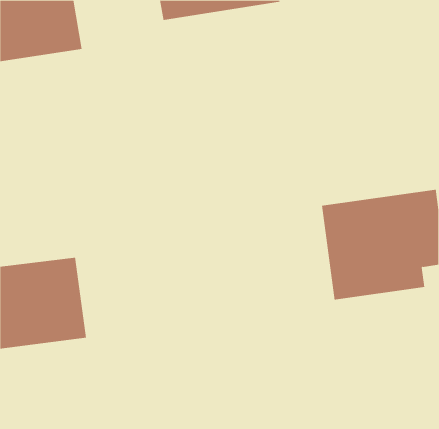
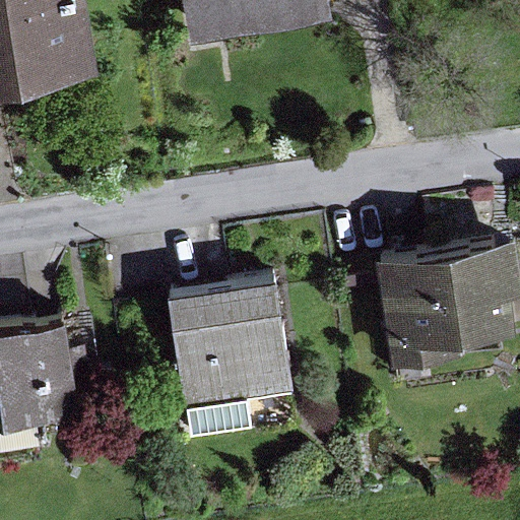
building: none -> [168,278,290,441]

